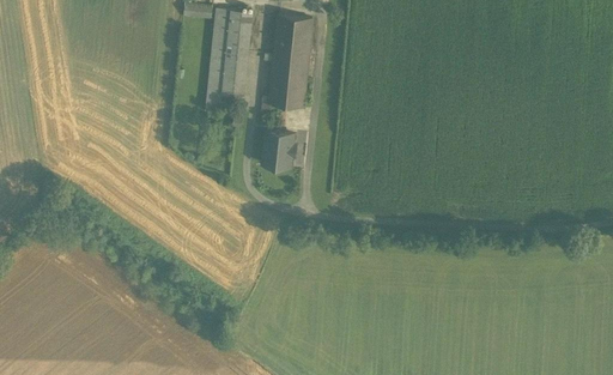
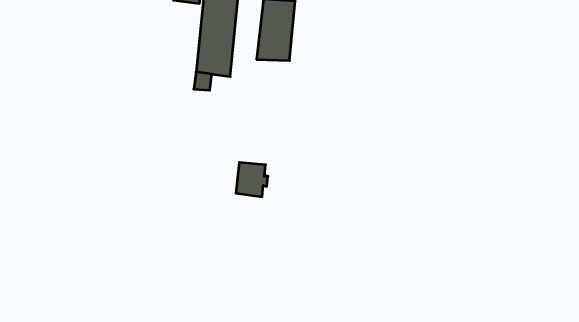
building: [271,79,308,104] -> none
building: [265,132,298,168] -> [236,162,268,197]

